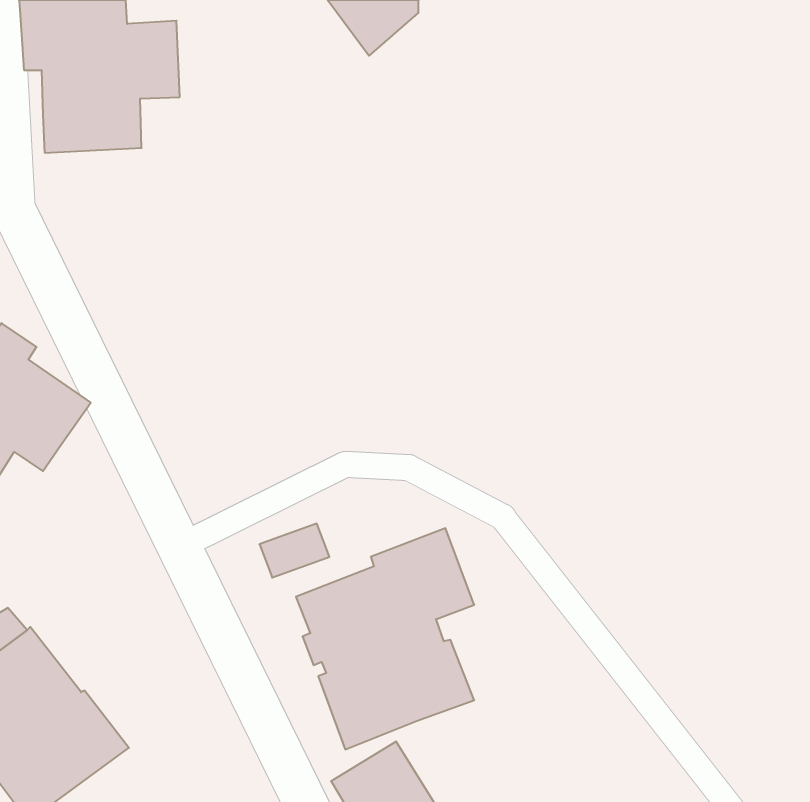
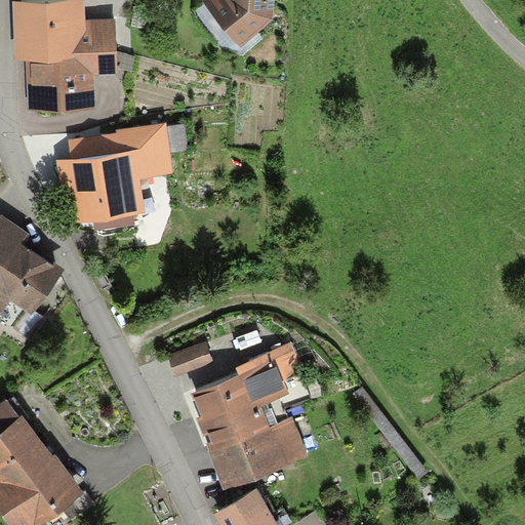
building: none -> [56,123,187,235]

